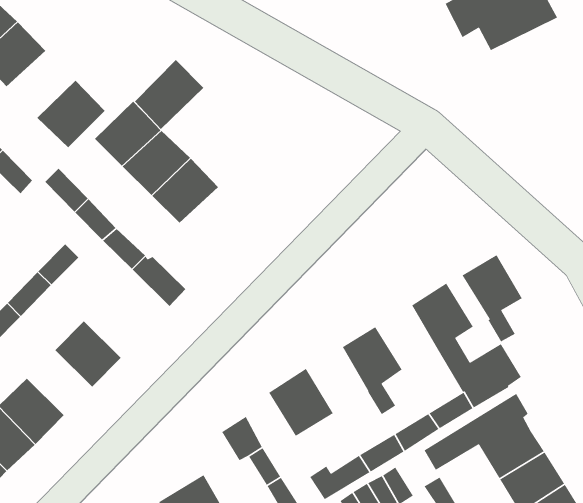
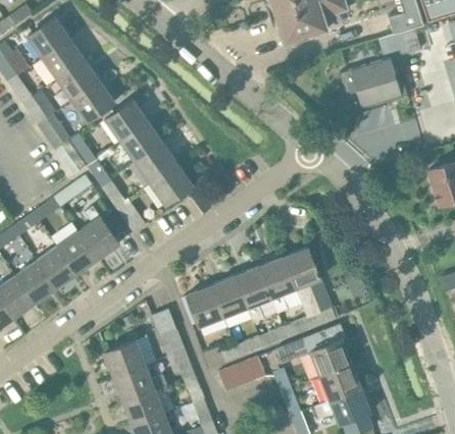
building: none -> [55,59,99,100]
building: [134,59,204,130] -> none
building: none -> [148,163,193,205]
building: [461,254,523,343] -> [259,258,295,314]
building: none -> [78,216,118,259]
building: none -> [211,276,247,317]
building: none -> [36,247,75,288]

